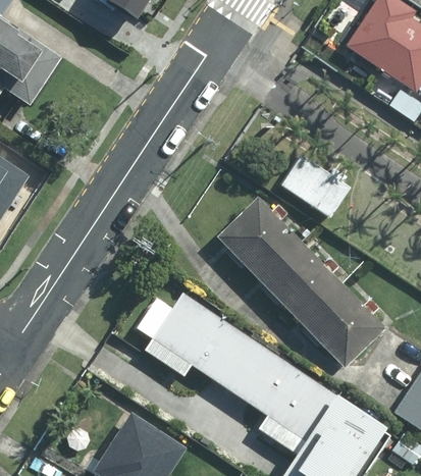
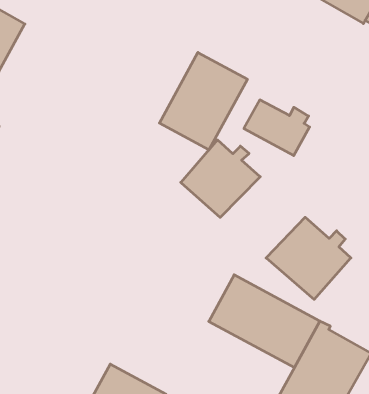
building: none -> [159,52,247,150]
building: [251,237,336,320] -> none
building: [158,286,260,379] -> none

